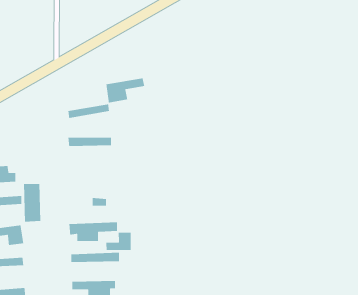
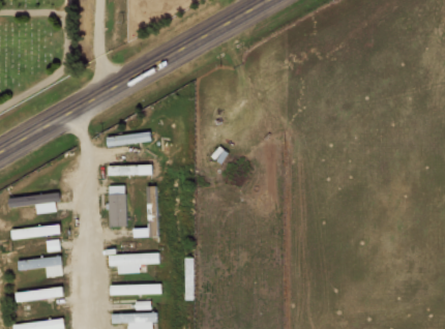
building: [105,78,145,104] -> none
building: [23,183,41,223] -> [108,186,126,227]
building: [105,232,131,251] -> none

